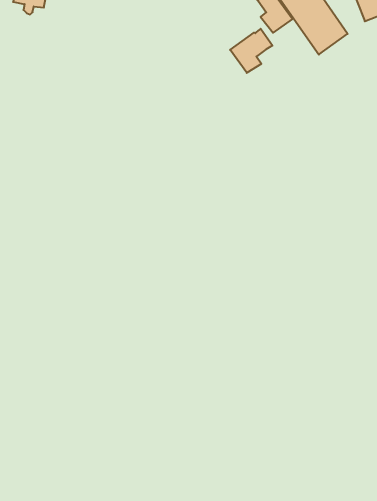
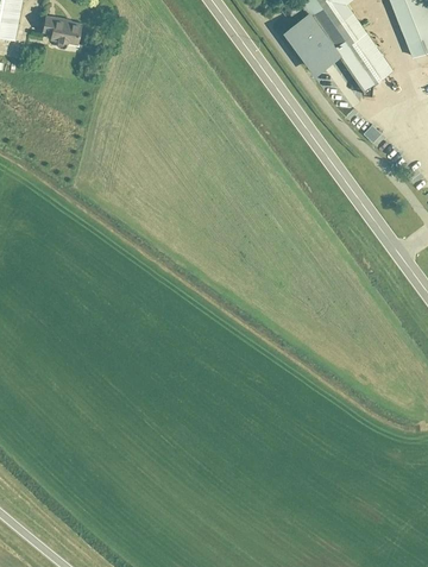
building: [230,29,272,73] -> none

